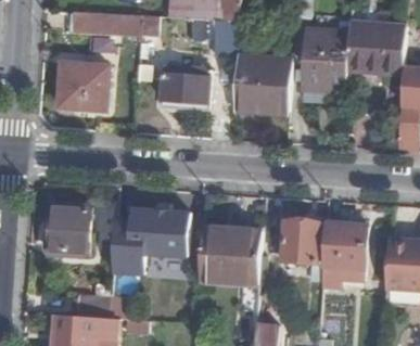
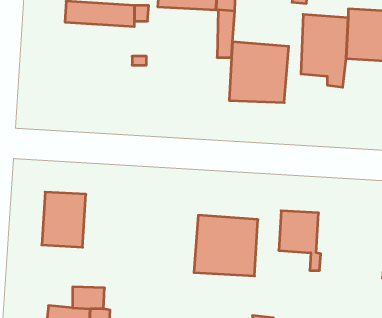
building: [58,61,109,110] -> none
building: [161,66,209,112] -> none
building: [113,210,190,275] -> none
building: [321,222,366,289] -> none

